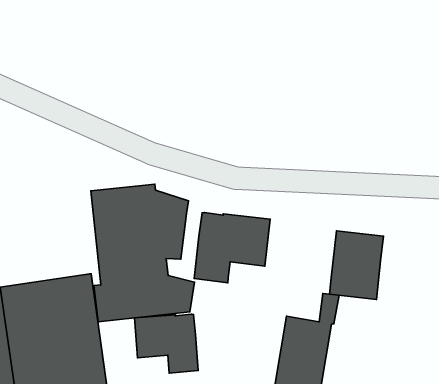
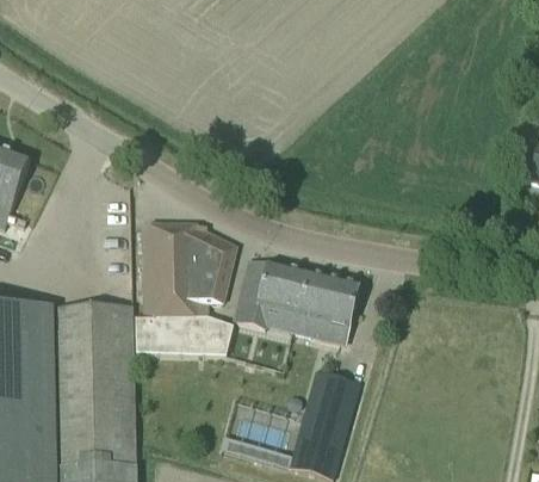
building: [329,231,383,299] -> [299,273,359,345]
building: [135,314,198,373] -> none

